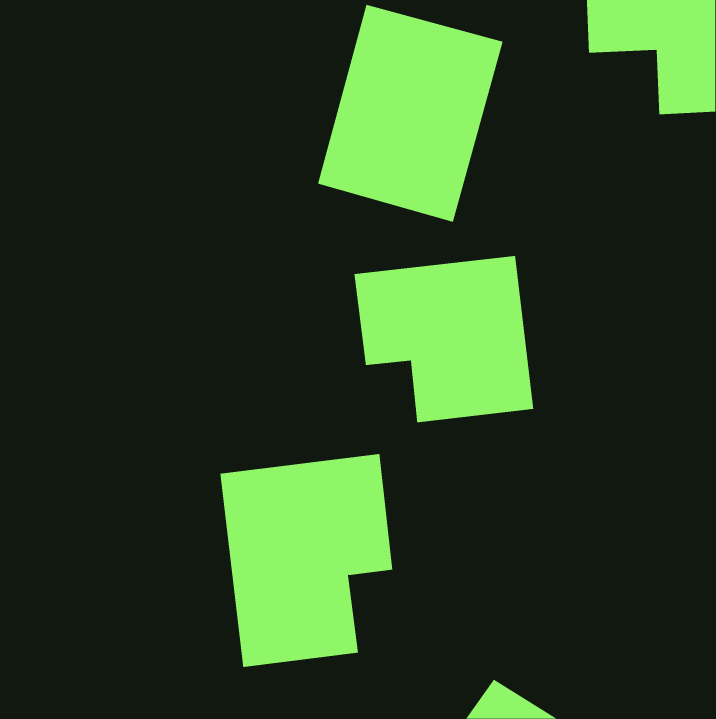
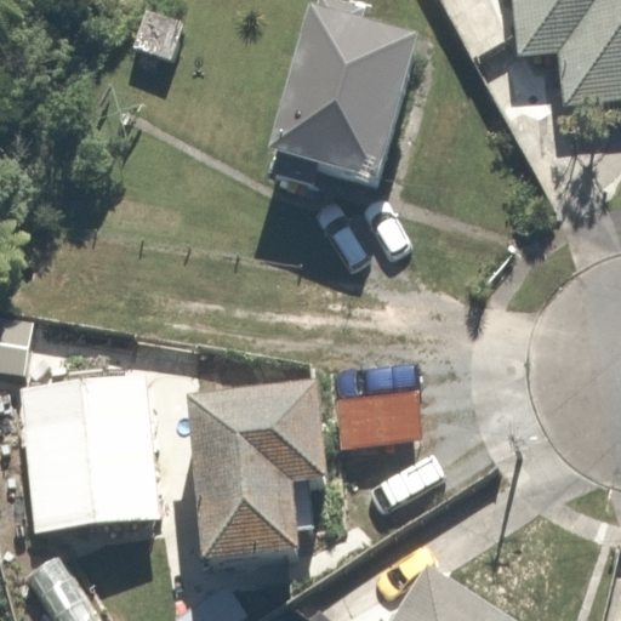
building: [354,255,534,423] -> none
building: none -> [19,363,169,534]

